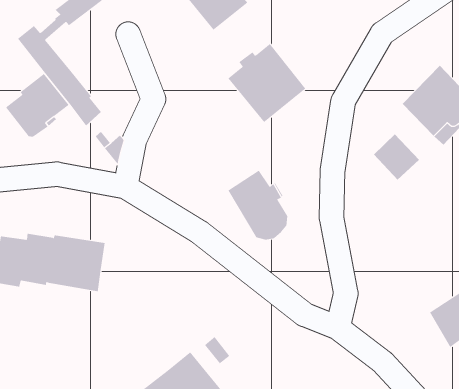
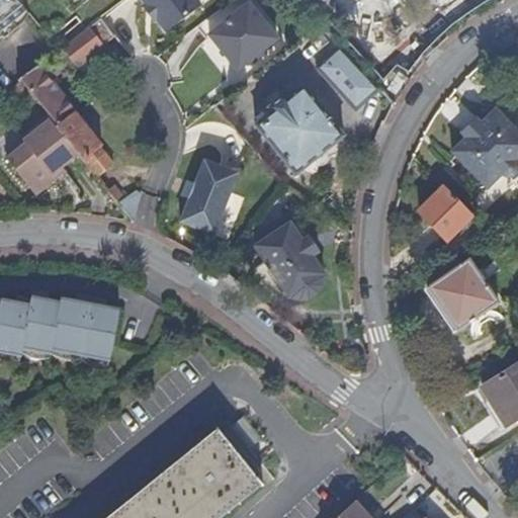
building: none -> [318,46,381,111]
building: none -> [181,160,241,234]
building: none -> [428,259,498,330]

